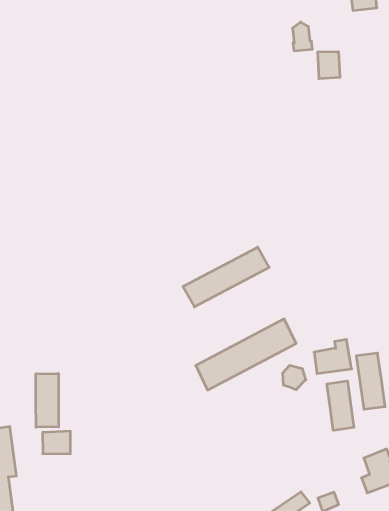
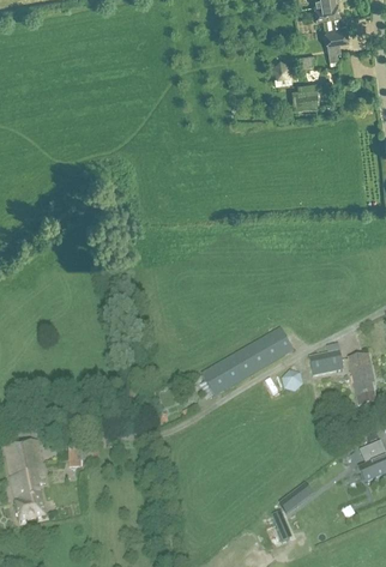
building: [183,247,269,307] -> none
building: [36,373,59,427] -> none
building: [327,381,354,430] -> none

